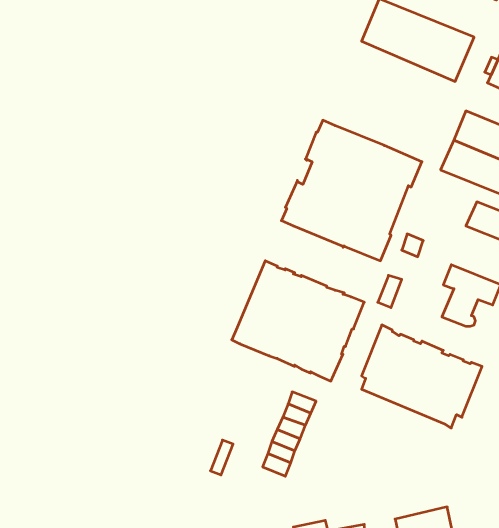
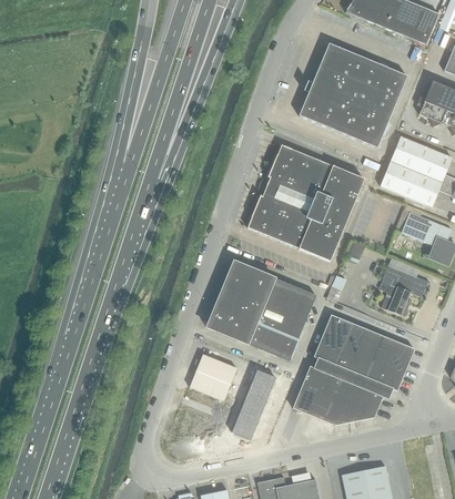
building: none -> [299,79,392,147]
building: none -> [190,354,237,400]
building: none -> [293,366,383,425]

